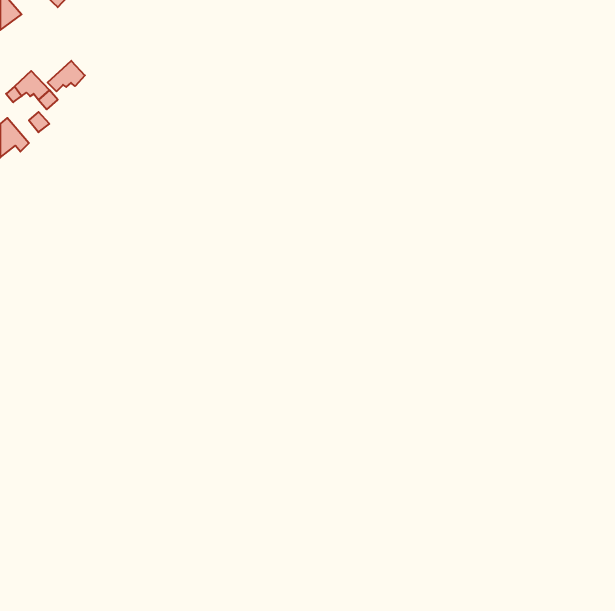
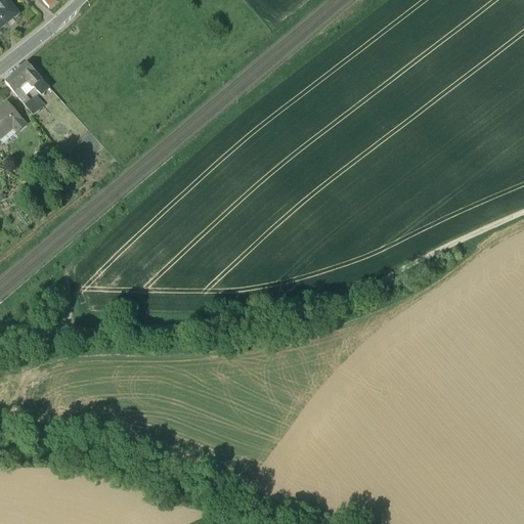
building: [48,61,85,91] -> none

